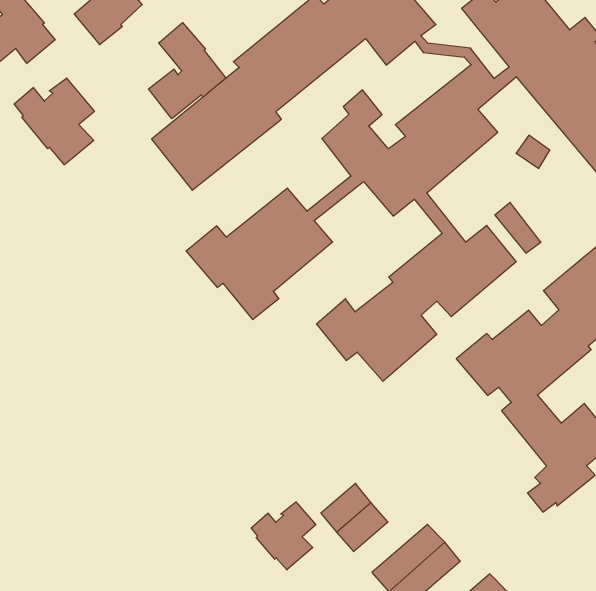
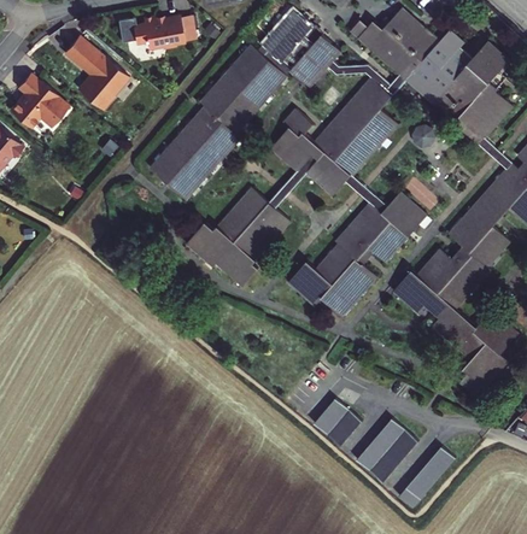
building: [148,23,226,119] -> none
building: [14,78,94,165] -> none
building: [251,502,316,570] -> none

